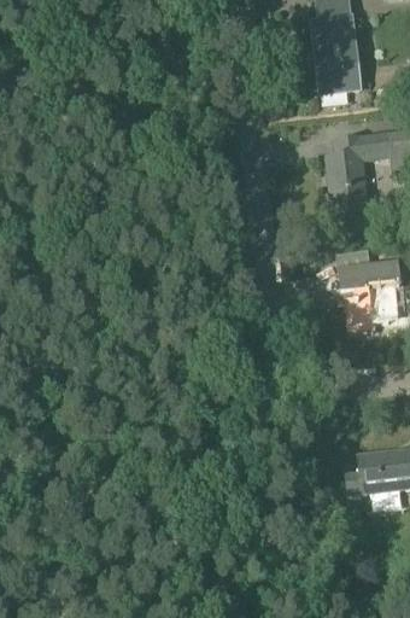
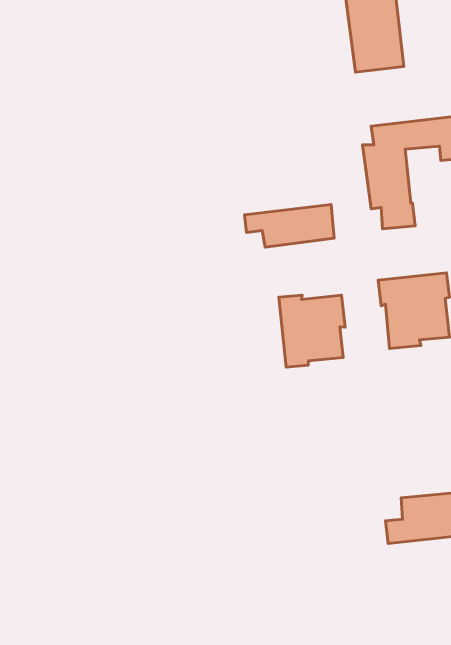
building: none -> [245,205,334,247]
building: none -> [279,295,345,367]

